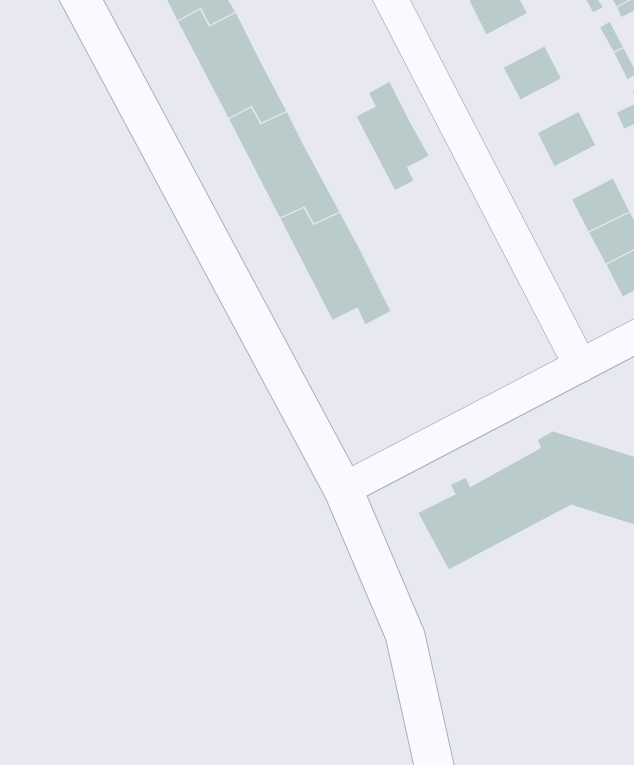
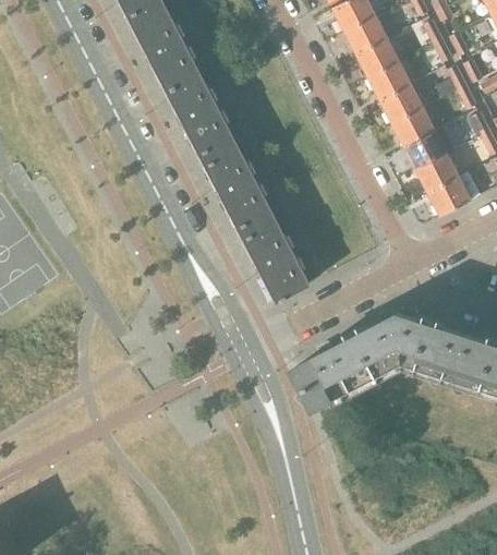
building: none -> [346,16,387,55]
building: none -> [369,62,411,100]
building: [356,81,429,191] -> none
building: none -> [393,109,435,147]
building: none -> [238,224,310,303]

